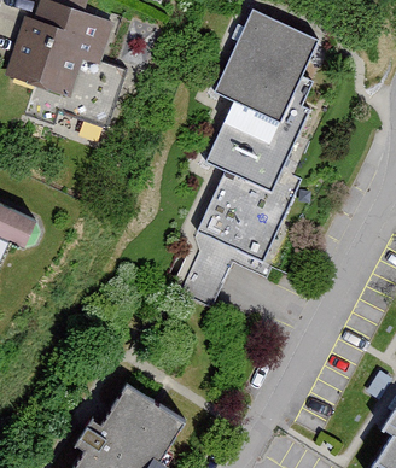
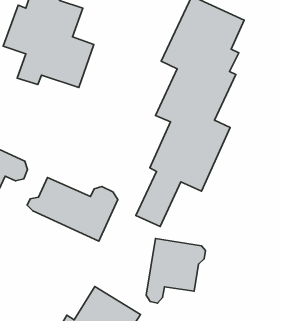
building: none -> [27,177,118,241]
building: none -> [146,238,206,303]

